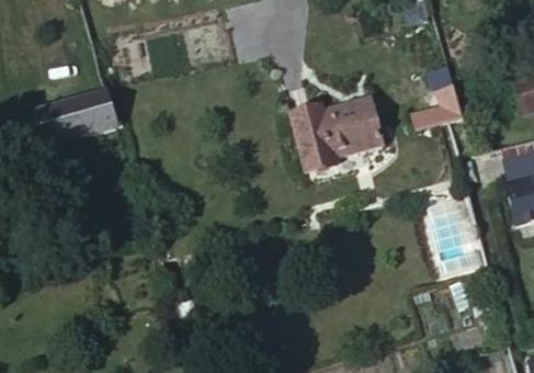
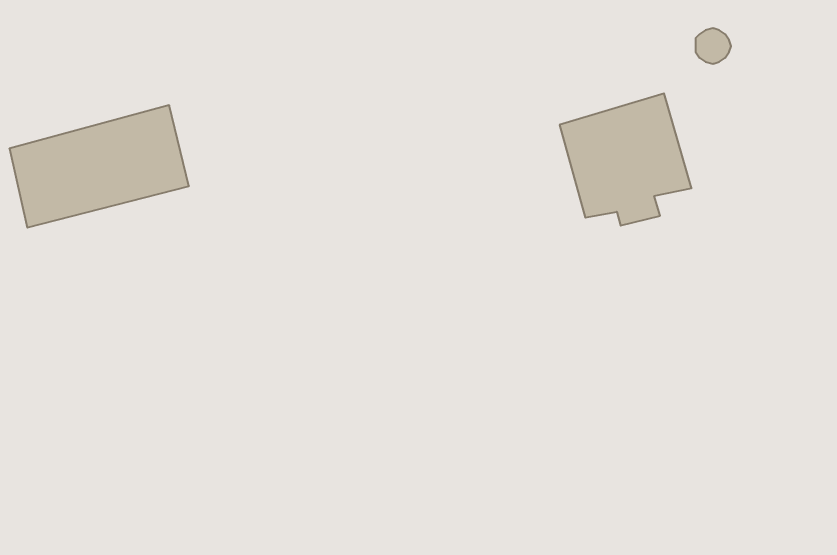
building: [421,72,464,123] -> none
building: [288,99,343,177] -> none

